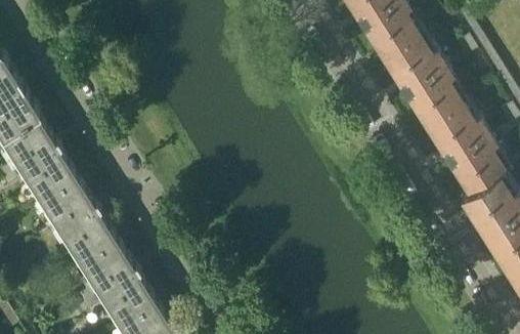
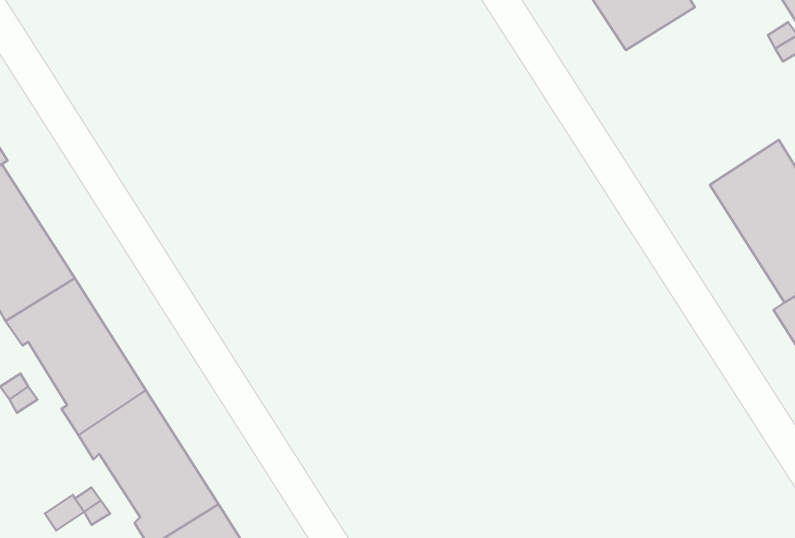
building: [384,39,464,129] -> none

